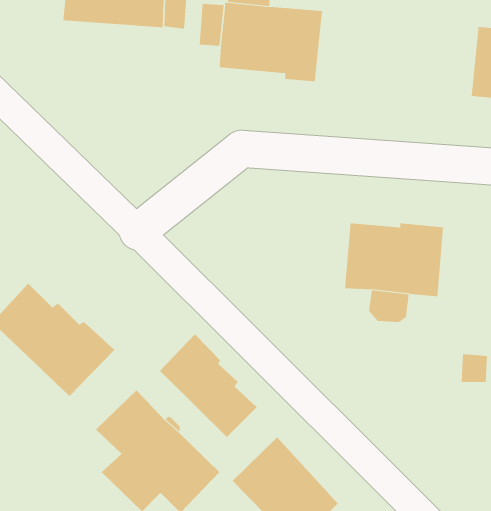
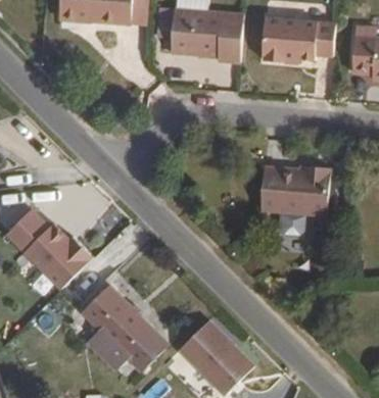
building: none -> [259,15,334,63]
building: [159,333,257,438] -> none

